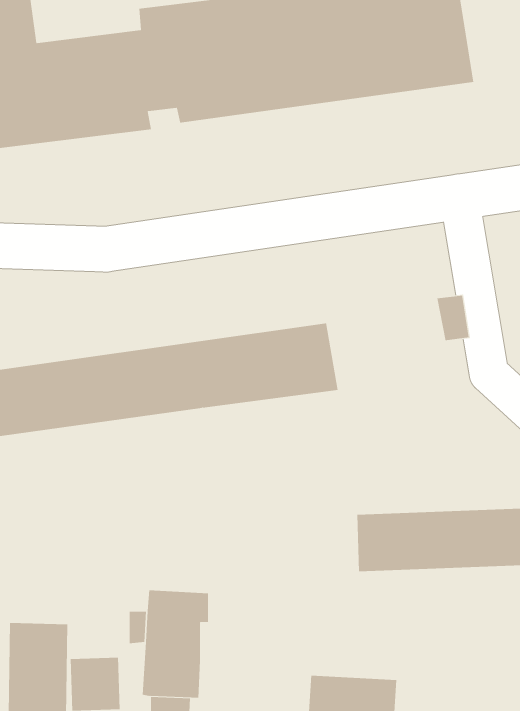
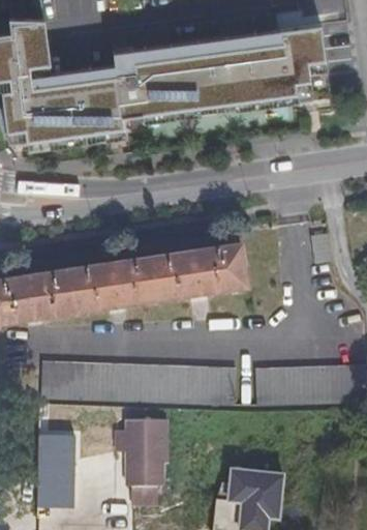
building: none -> [40,363,235,403]

